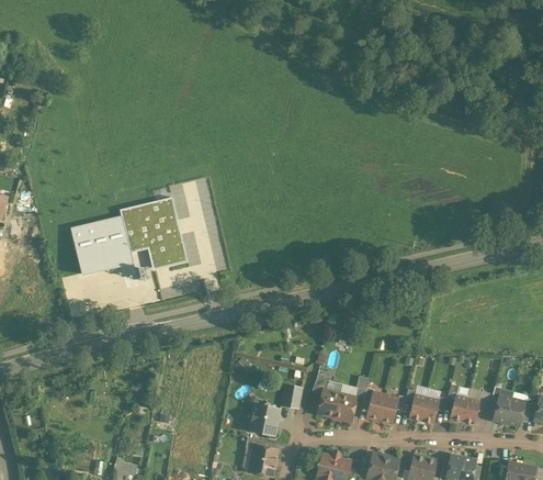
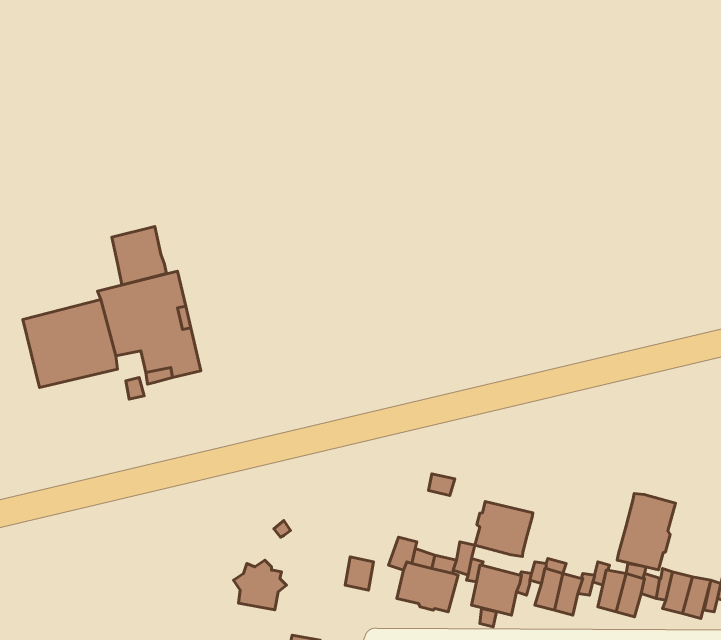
building: none -> [112,227,167,285]
building: none -> [617,493,676,570]
building: none -> [475,502,533,556]
building: [247,402,282,435] -> [233,560,287,610]

